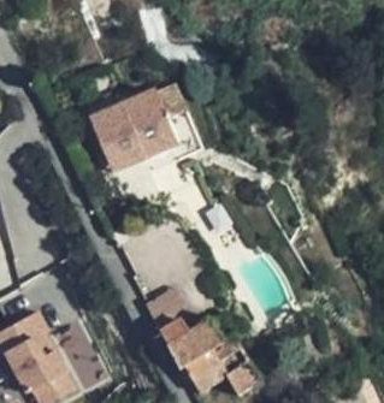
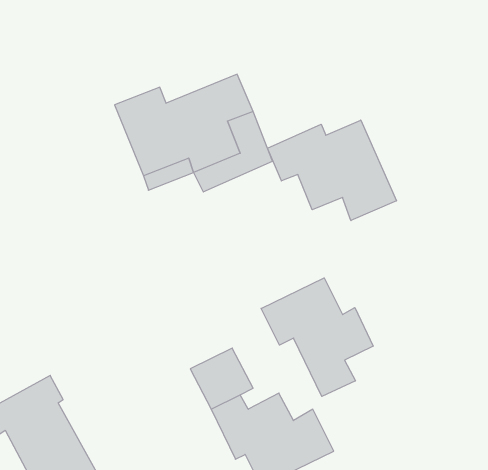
building: none -> [267,120,396,221]
building: none -> [261,278,373,396]

